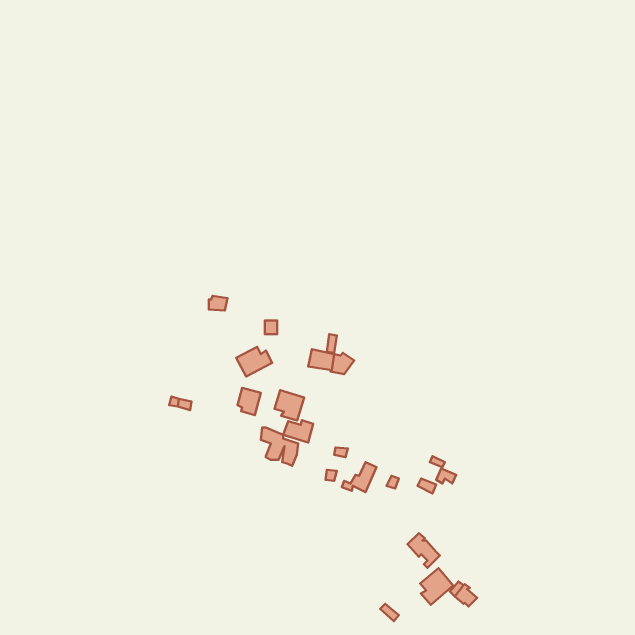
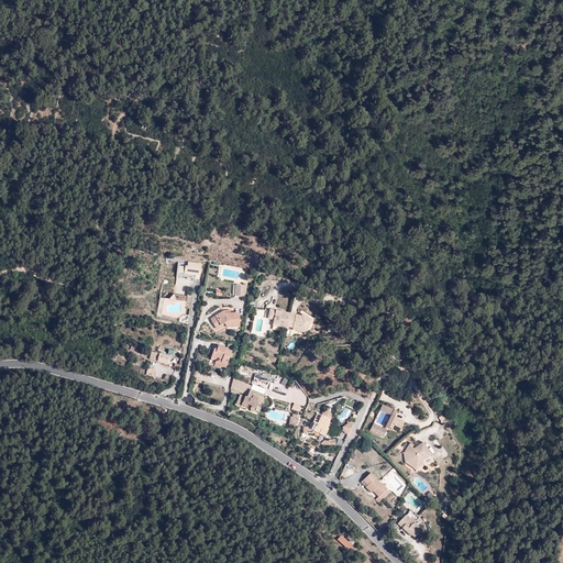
building: [274,390,304,420] -> none
building: none -> [404,442,433,468]
building: [420,568,453,605] -> none

